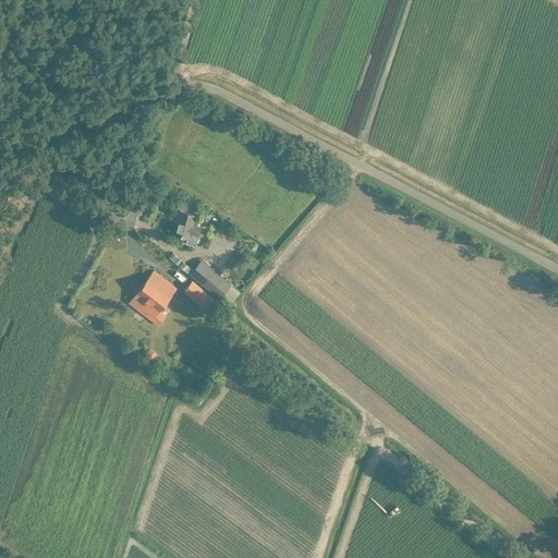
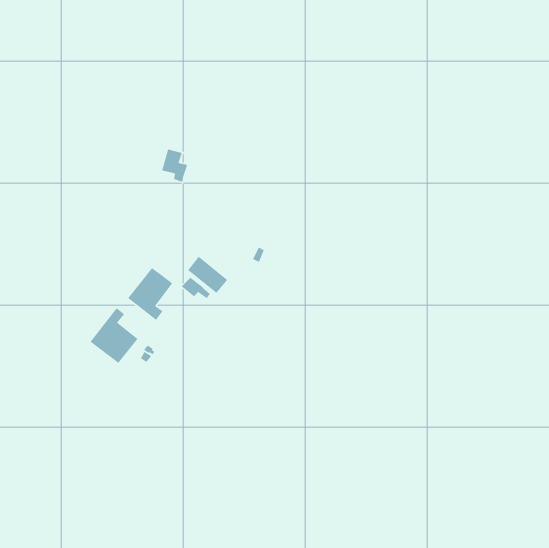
building: [174,213,202,247] -> [161,148,188,183]
building: none -> [89,307,138,364]

